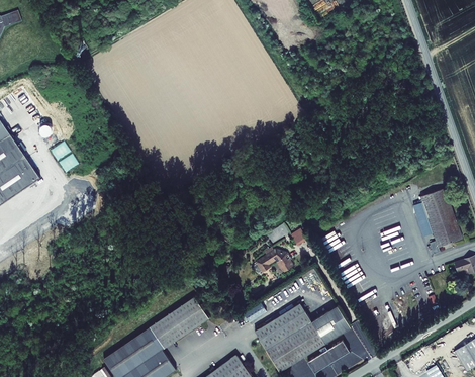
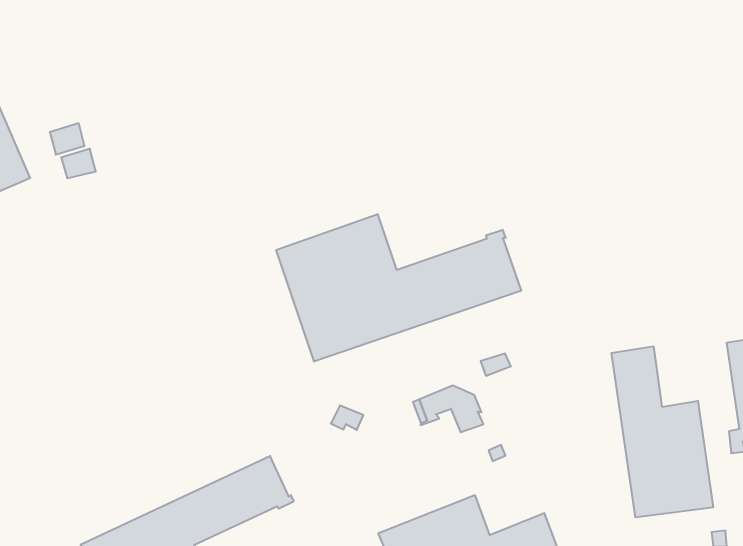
building: none -> [276,214,521,361]
building: none -> [612,346,713,517]

